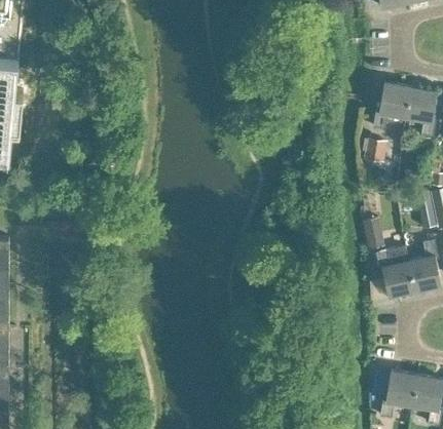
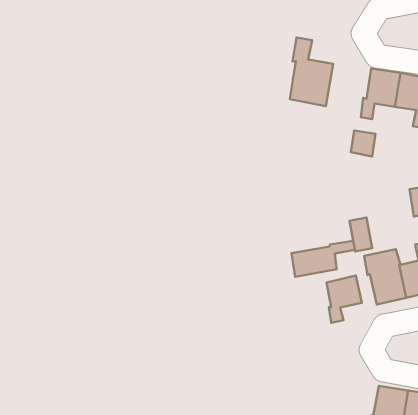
building: none -> [290,38,333,106]
building: none -> [292,241,355,277]
building: none -> [326,276,362,323]

